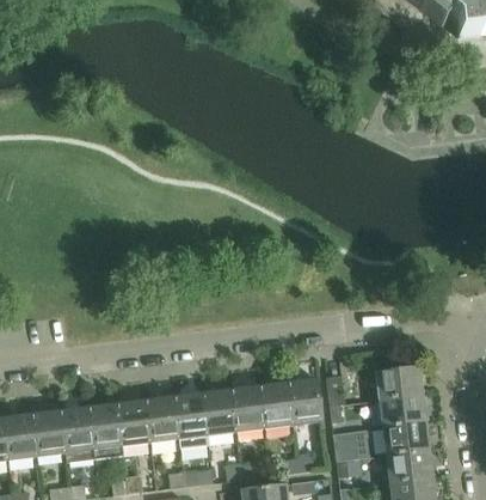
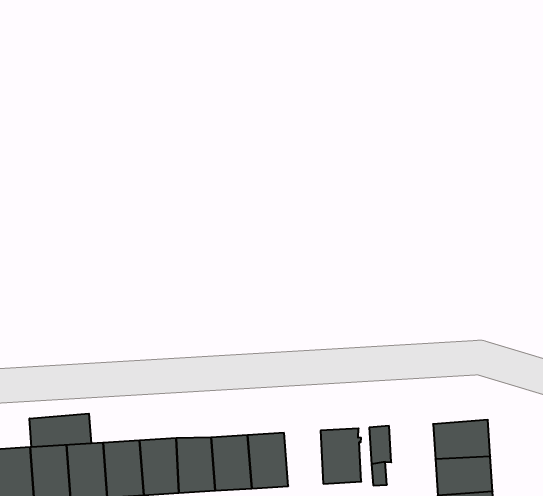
building: none -> [30,414,91,447]
building: [259,382,293,427] -> none

